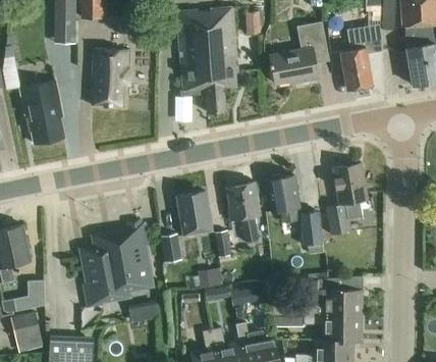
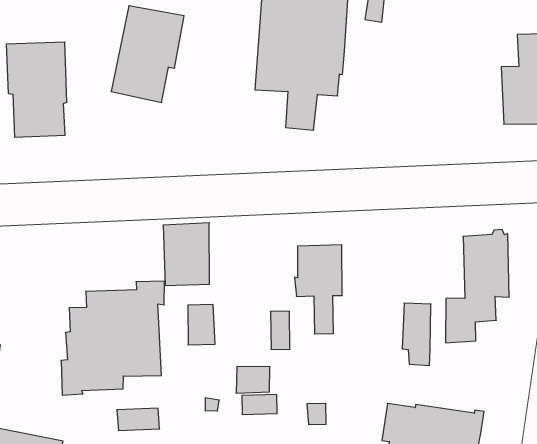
building: [270,22,327,84] -> none
building: [266,175,301,222] -> none
building: [176,191,212,236] -> [163,223,209,286]

